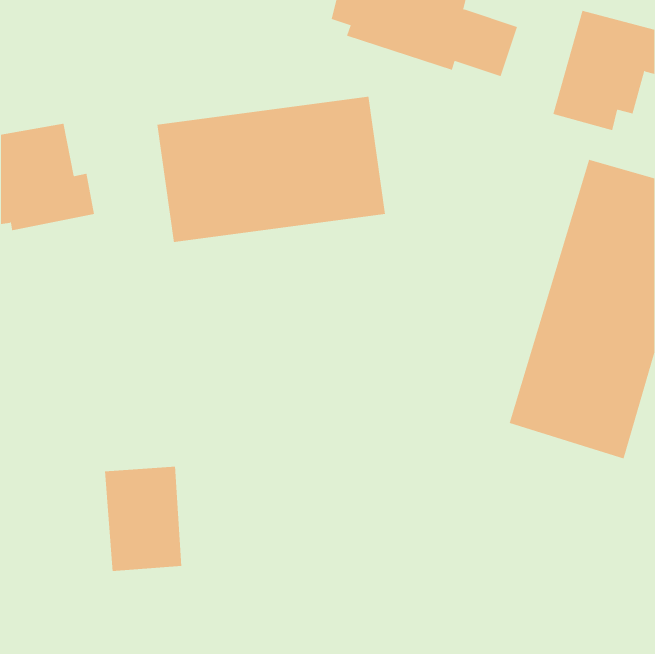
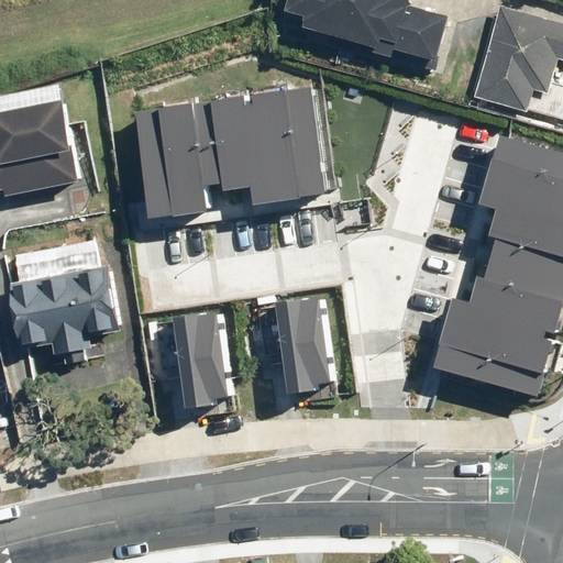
building: none -> [9,241,113,357]
building: none -> [265,289,340,386]
building: [104,466,182,571] -> [170,310,238,400]

